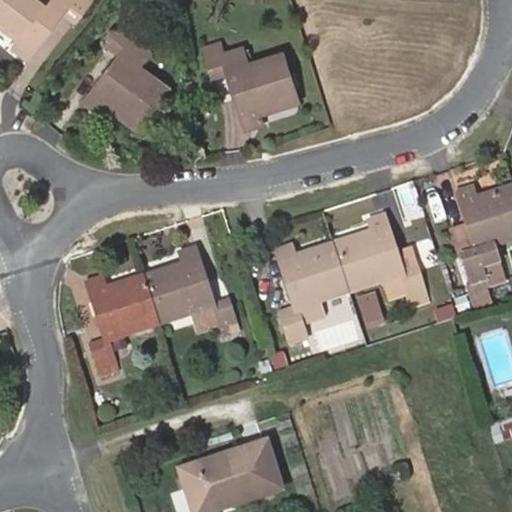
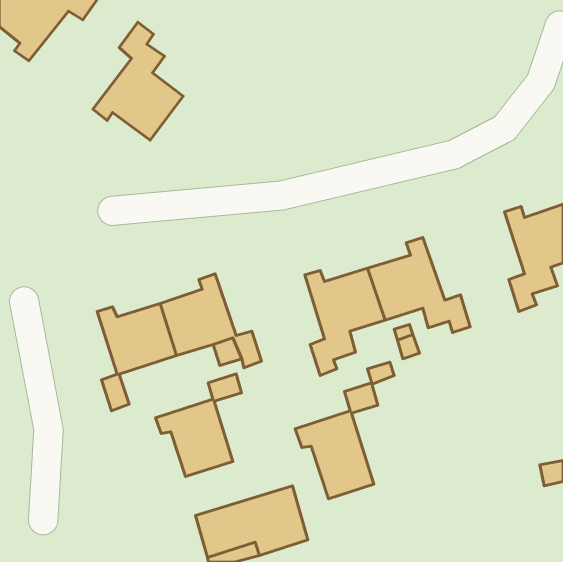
building: [201,41,296,126] -> none
building: none -> [156,374,241,477]
building: none -> [295,383,378,499]

